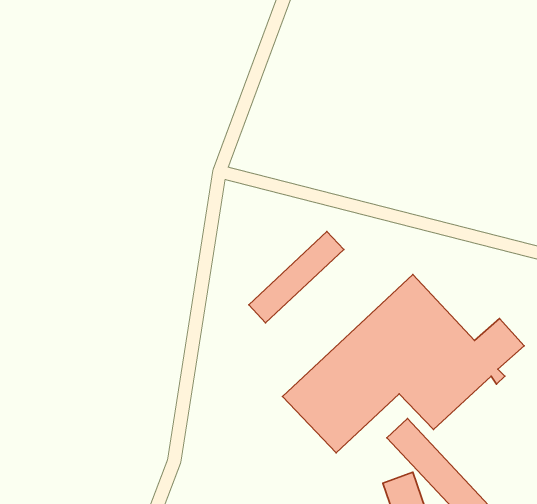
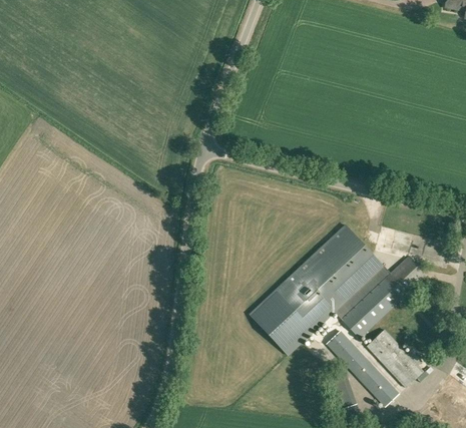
building: [249,232,344,323] -> none
building: none -> [366,329,424,388]

